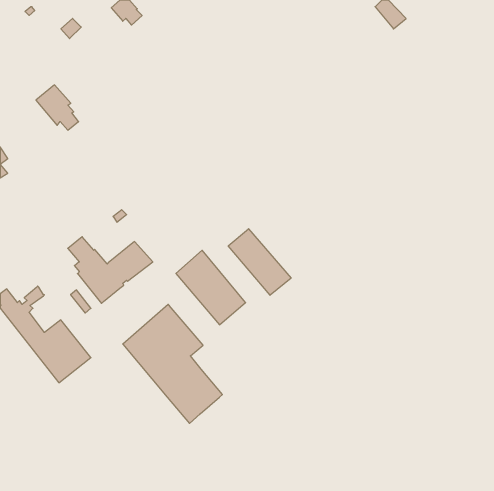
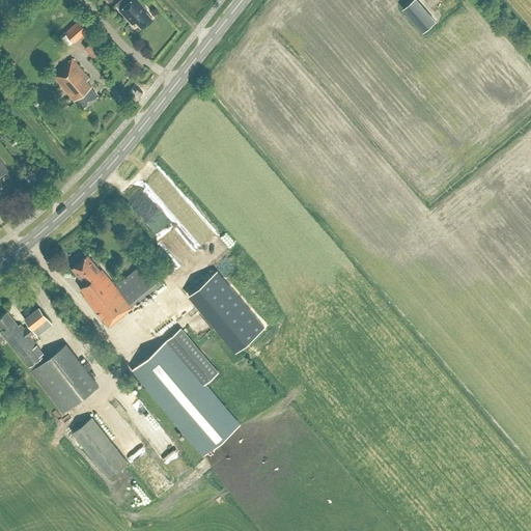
building: [36,85,79,130] -> [52,59,97,108]
building: [228,229,291,295] -> none
building: none -> [72,418,129,480]

